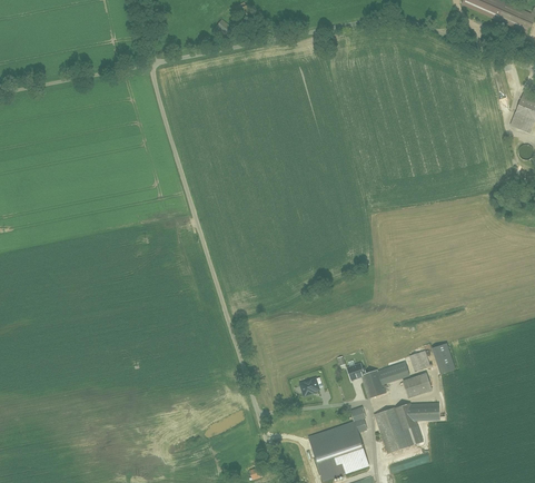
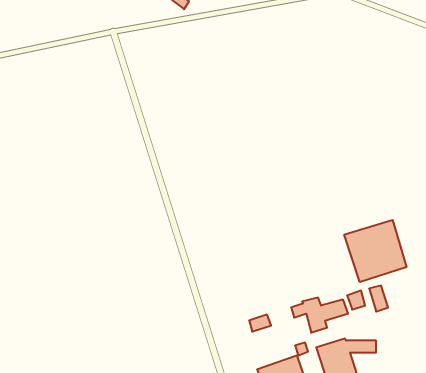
building: none -> [344,220,406,282]
building: [404,373,433,397] -> none

